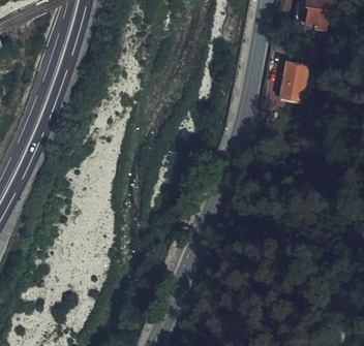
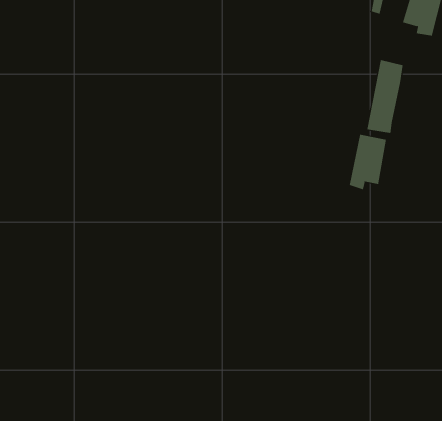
building: none -> [349,134,387,190]

